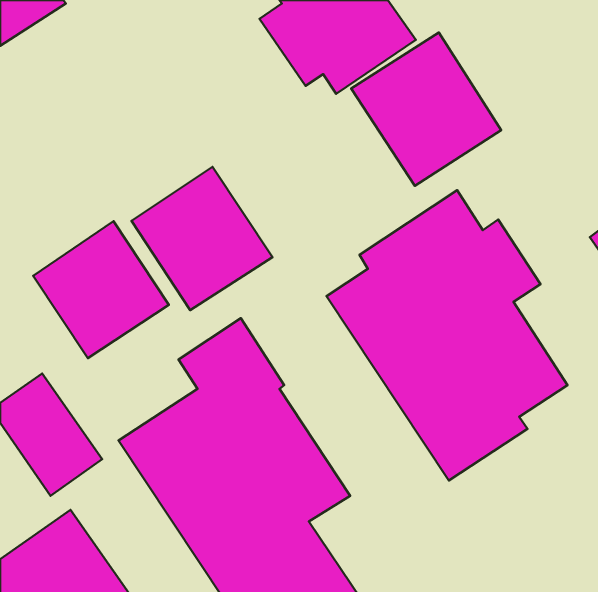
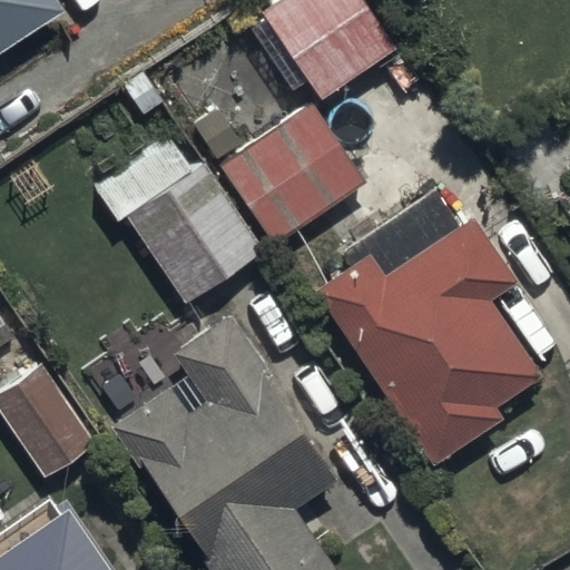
building: [351,33,501,186] -> none
building: none -> [190,104,366,247]
building: [33,221,169,358] -> none

